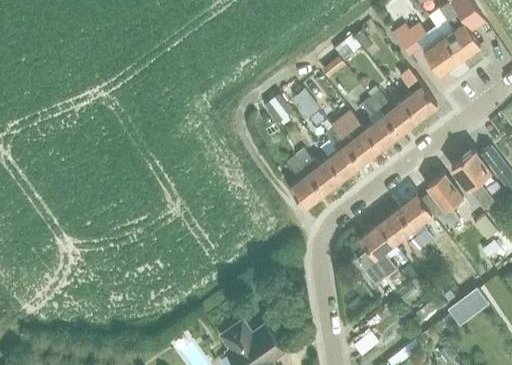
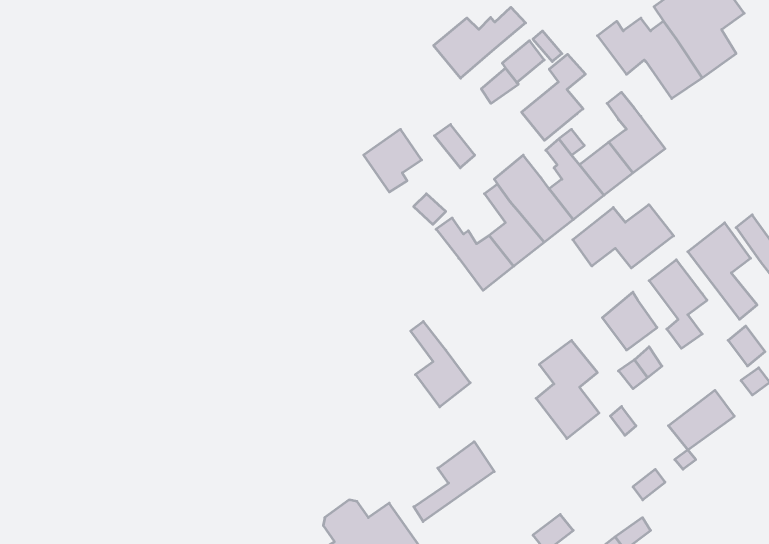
building: none -> [434,7,526,78]
building: none -> [522,54,585,140]
building: none -> [573,205,674,268]
building: [287,156,324,209] -> [411,321,470,407]
building: [379,211,413,245] -> none
building: none -> [414,442,494,522]
building: [449,290,490,327] -> [668,390,734,450]

